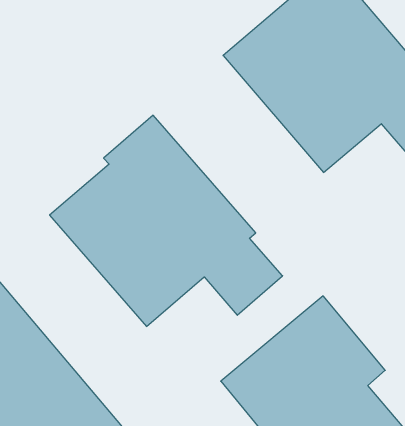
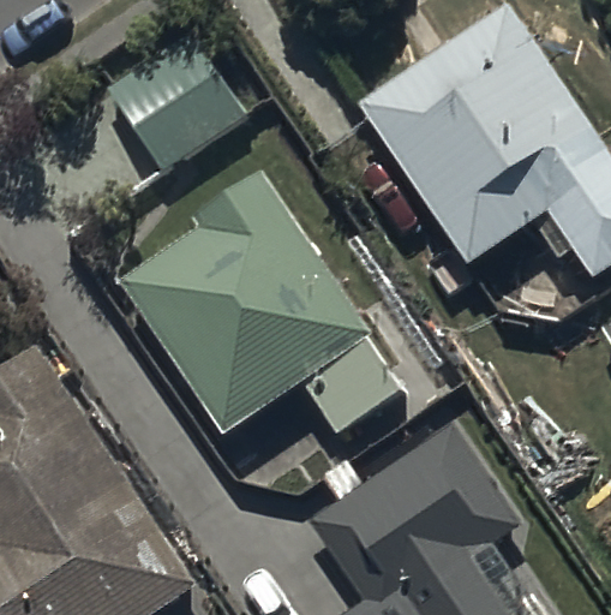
building: none -> [104,29,245,173]

